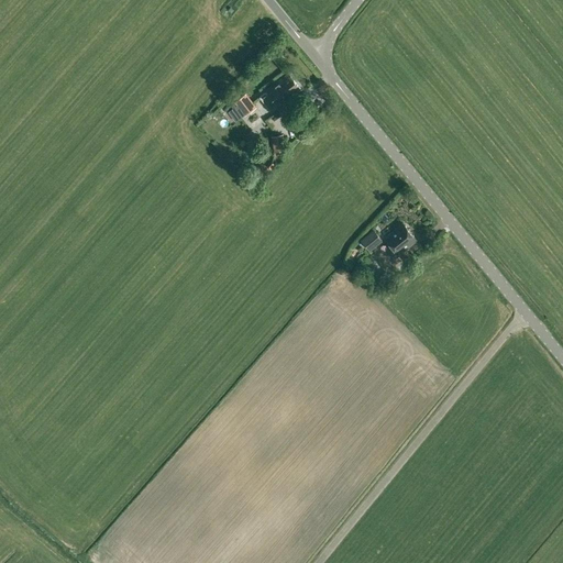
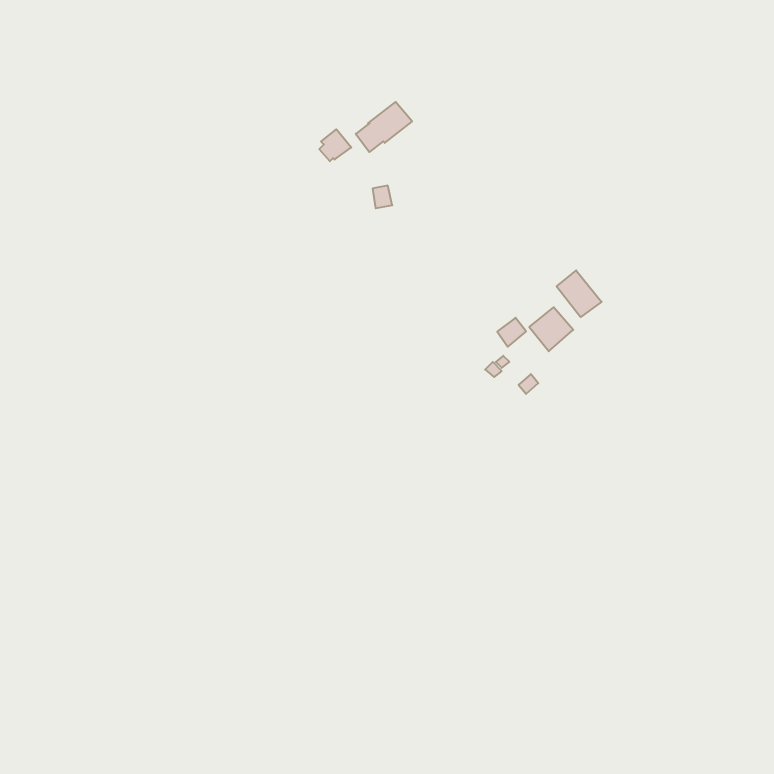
building: none -> [557,270,602,317]

